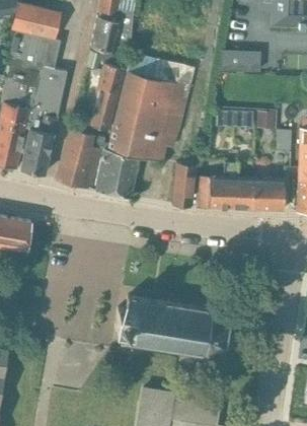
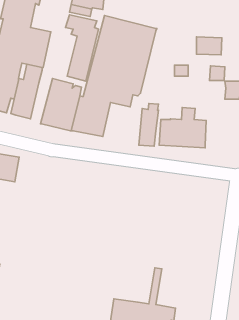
building: [221,51,251,72] -> [196,37,222,55]
building: [252,178,285,211] -> none
building: [114,297,228,355] -> none

